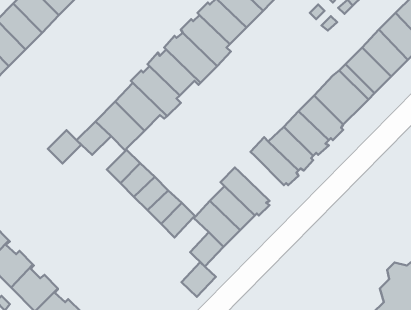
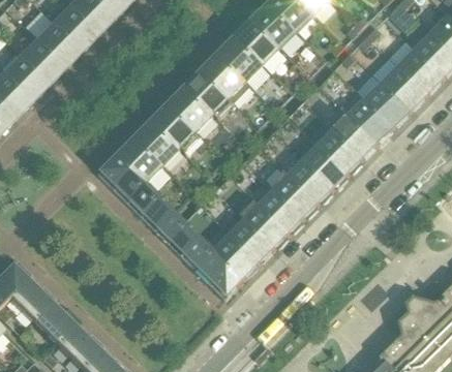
building: [48,130,81,164] -> [114,169,147,203]
building: none -> [260,189,304,234]
building: [181,262,216,297] -> [195,250,230,284]

